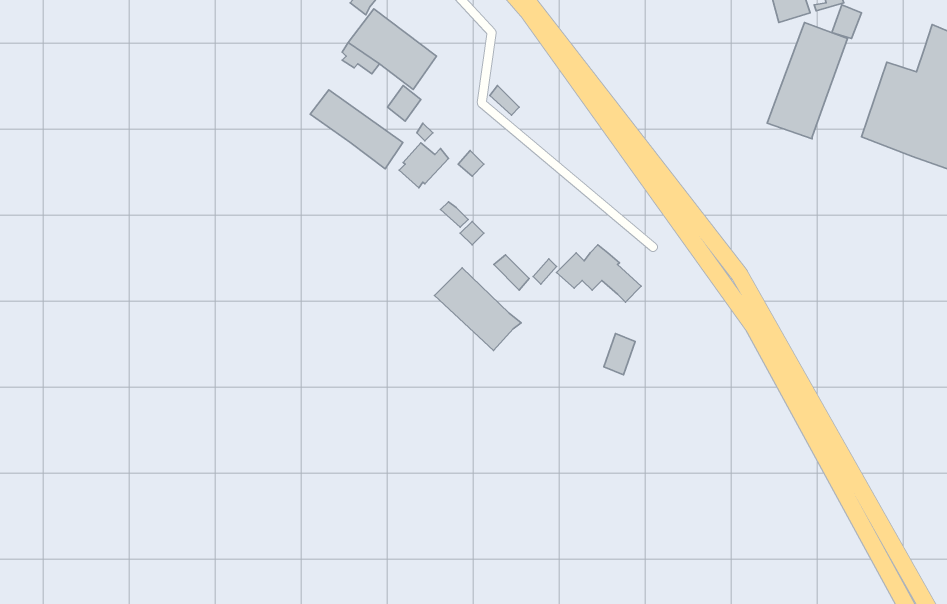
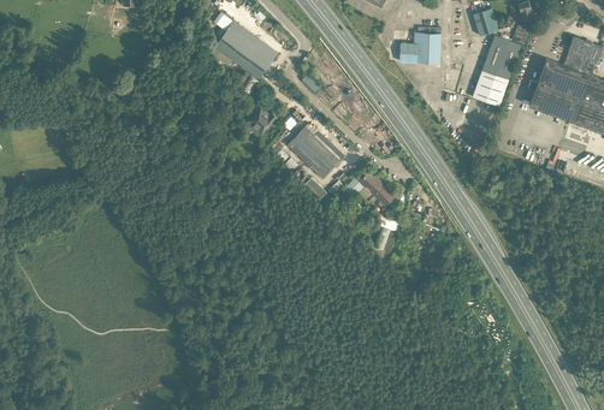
building: none -> [401,26,442,63]
building: [310,90,403,169] -> none
building: [435,268,521,350] -> [288,126,341,177]

